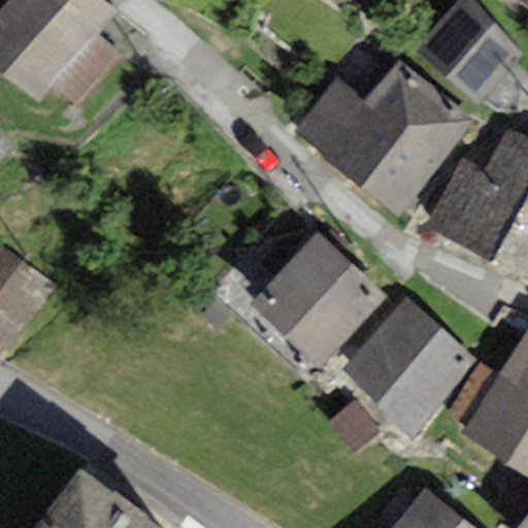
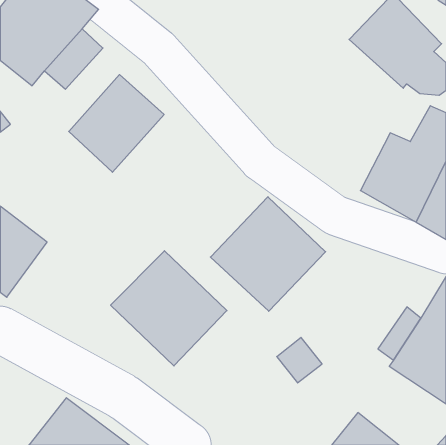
building: [295,61,471,213] -> none
building: none -> [69,75,164,172]
building: none -> [111,251,227,366]
building: [341,296,476,439] -> none

